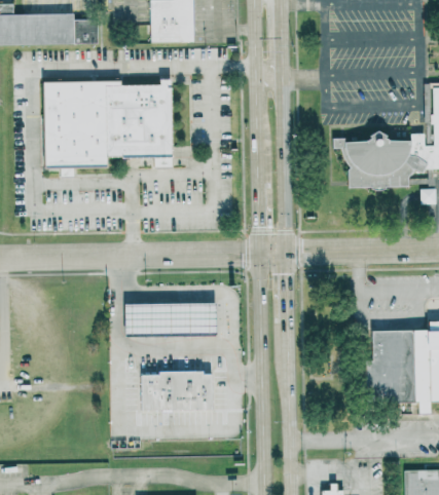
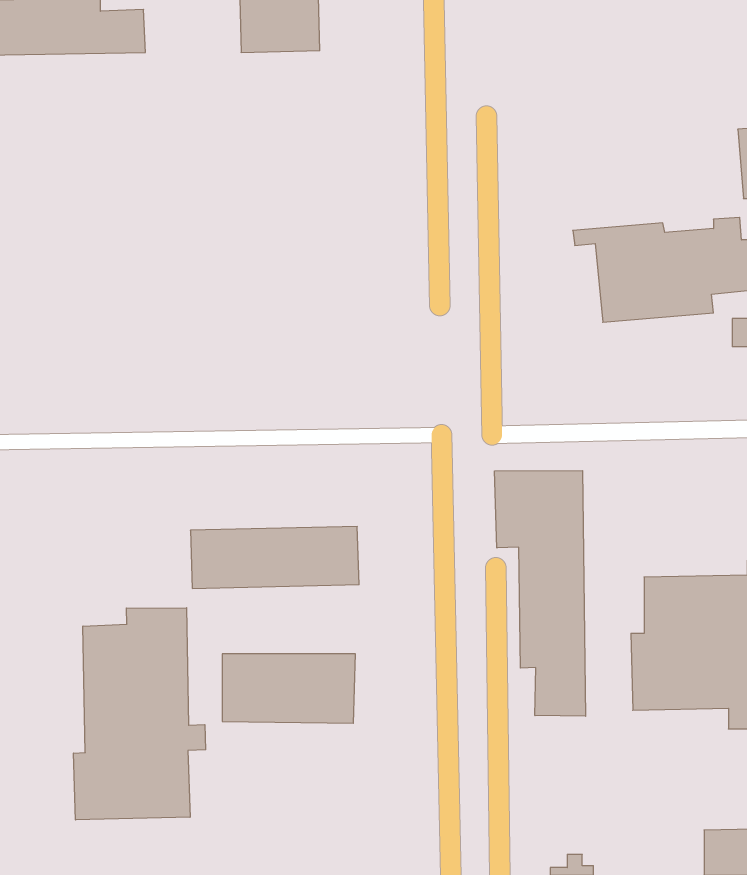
building: [43,78,173,177] -> none
building: none -> [495,471,586,716]
building: none -> [74,608,206,820]

